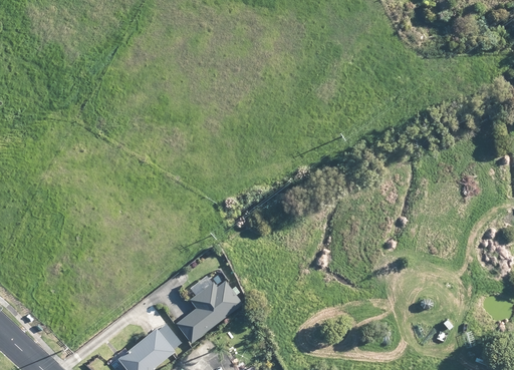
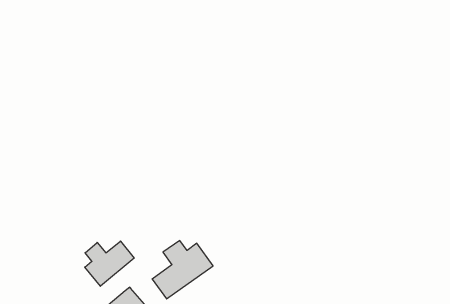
building: none -> [85,241,134,286]

